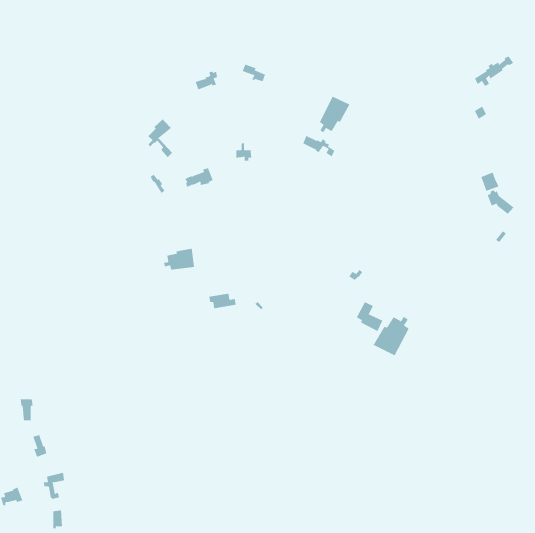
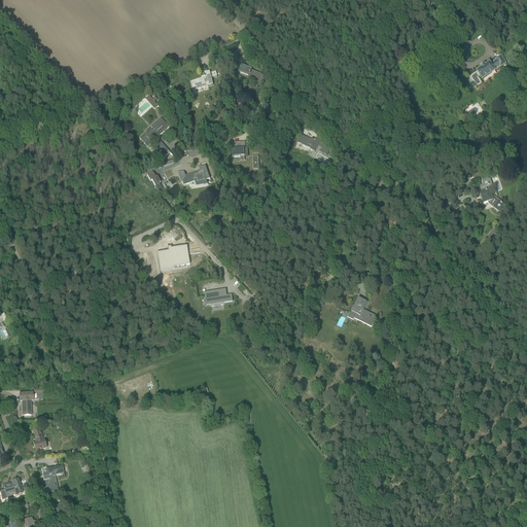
building: [319,96,350,133] -> none
building: [373,316,409,356] -> none

